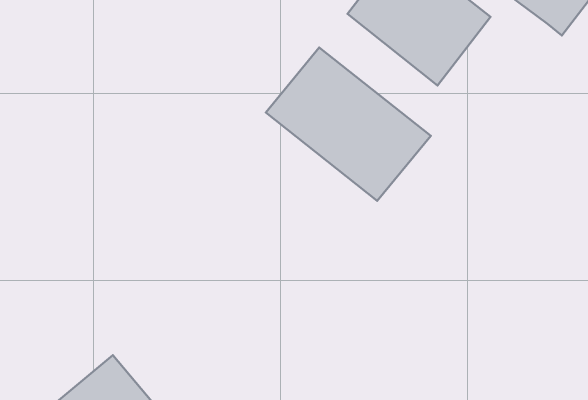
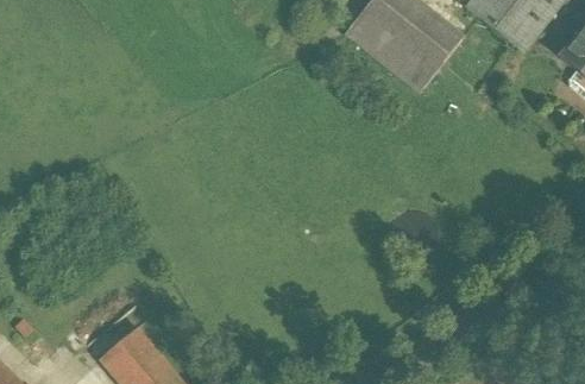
building: [266,48,431,201] -> none

